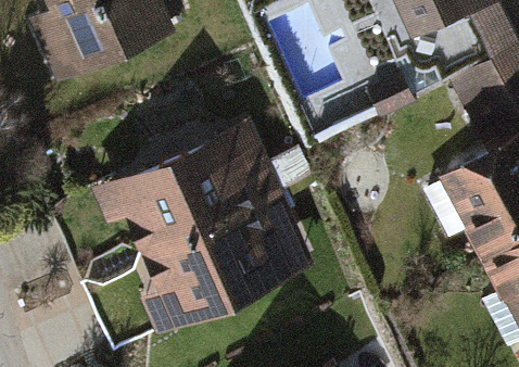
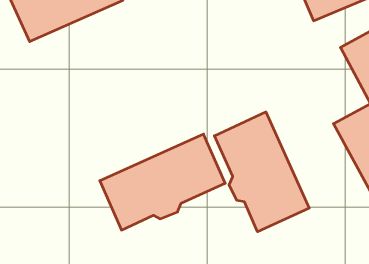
building: [117,127,276,248] -> none
building: none -> [214,112,309,232]

